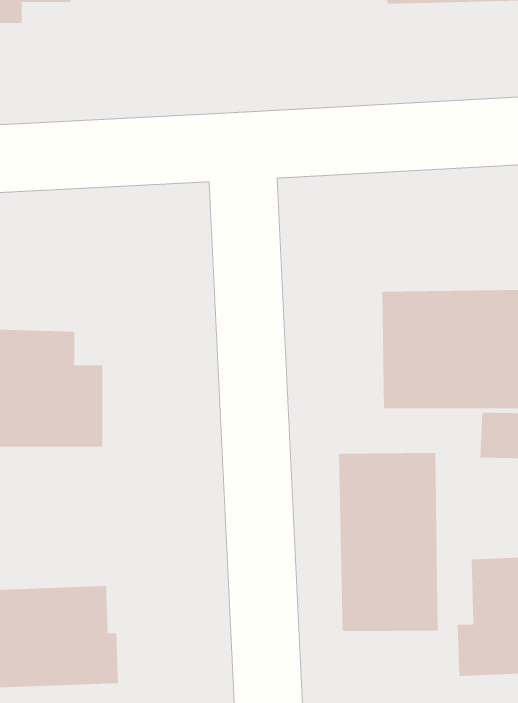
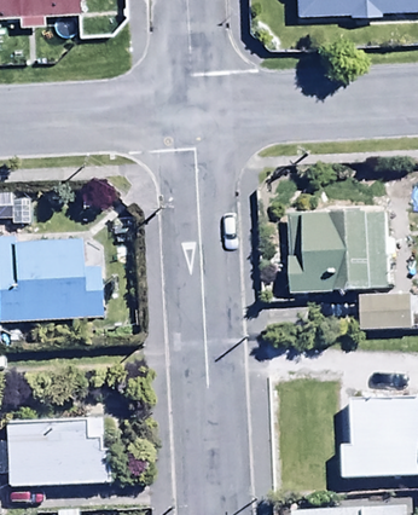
building: [339,452,438,632] -> none

